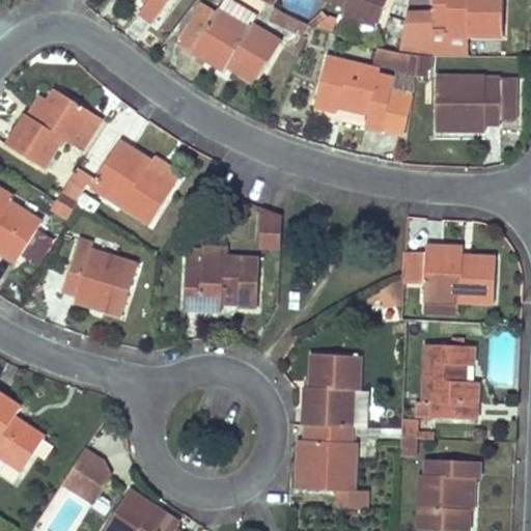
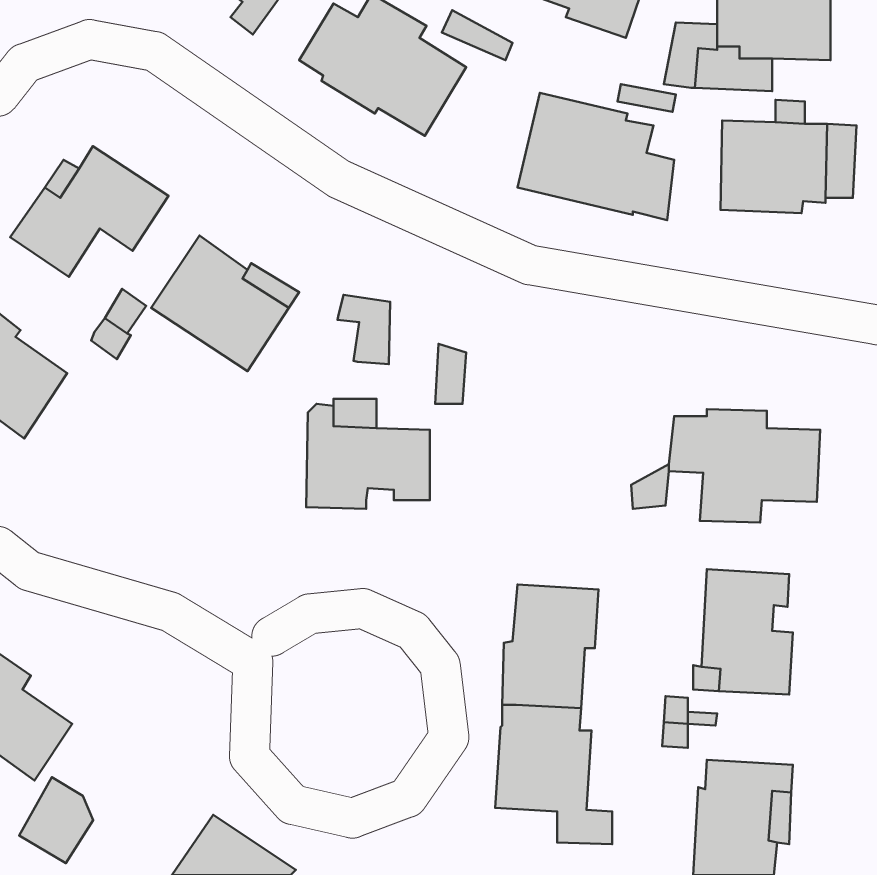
building: none -> [338,295,390,364]
building: [63,240,138,316] -> none
building: [64,448,109,500] -> [19,777,93,863]

